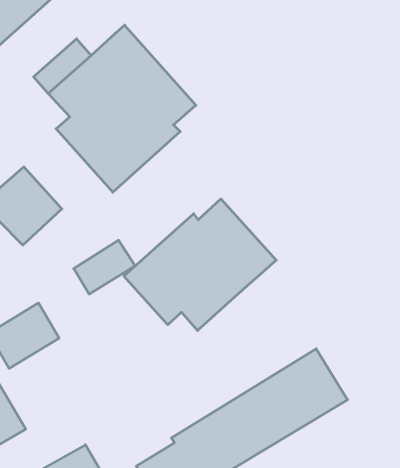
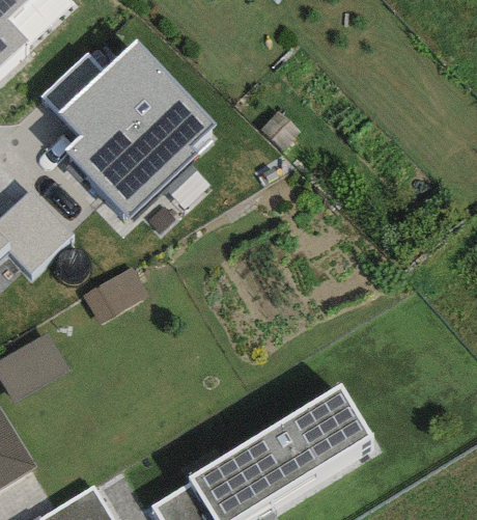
building: [124,199,276,331] -> none

